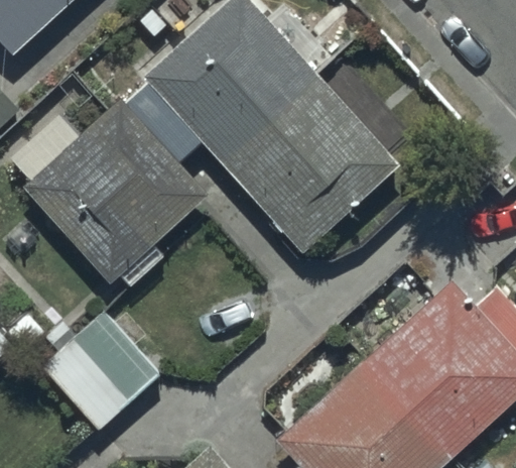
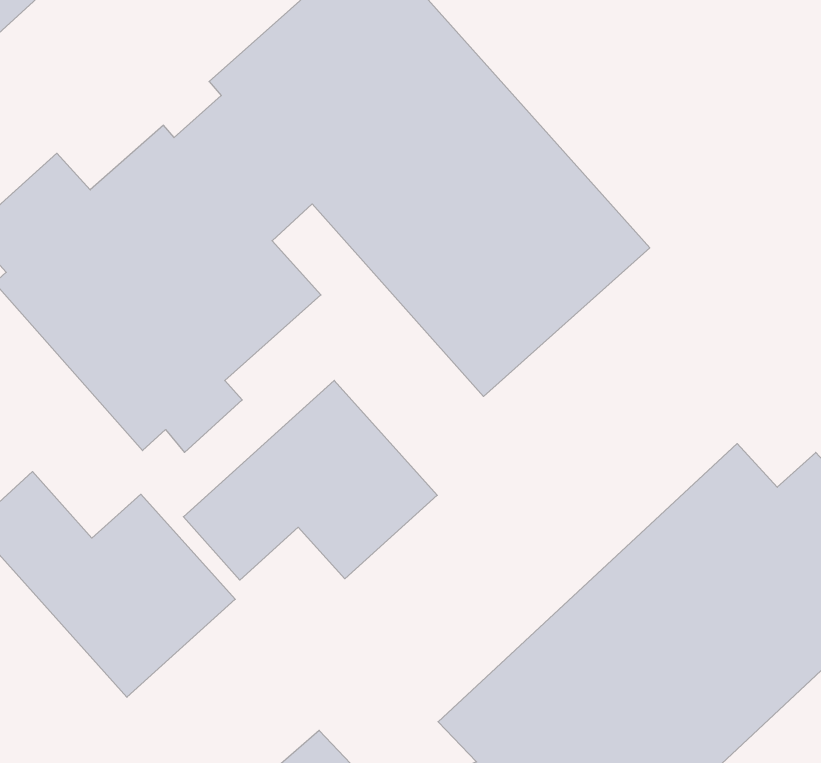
building: none -> [183,380,437,580]

